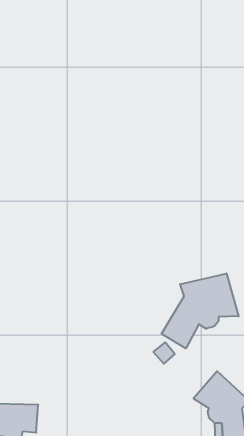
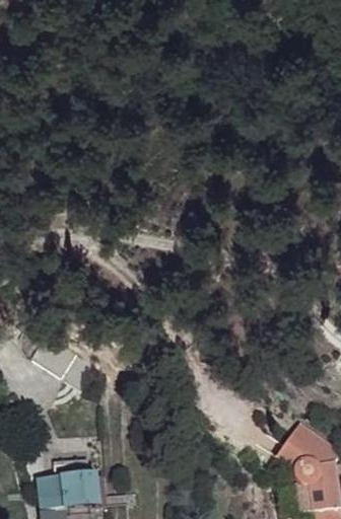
building: [162,273,239,348] -> none

